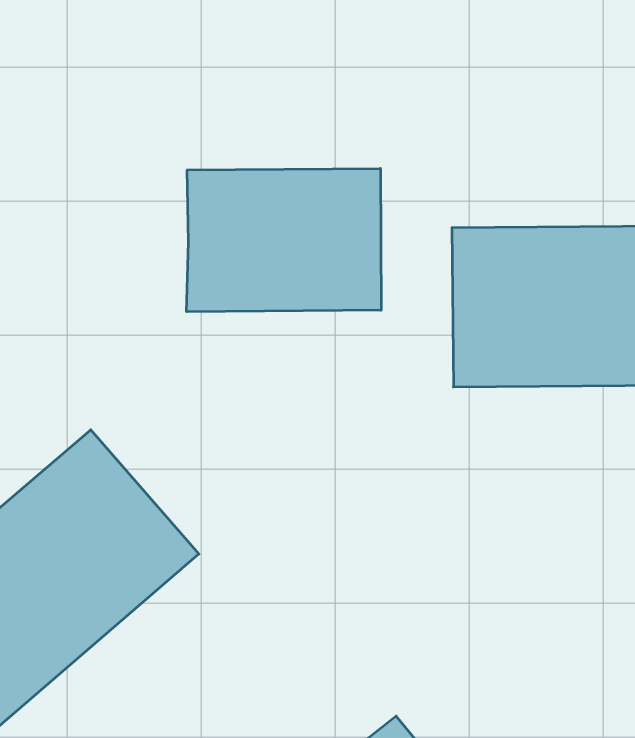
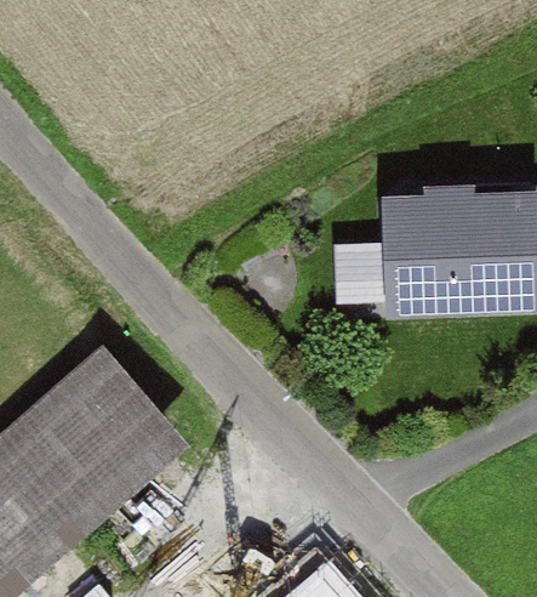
building: [187,168,381,312] -> none

